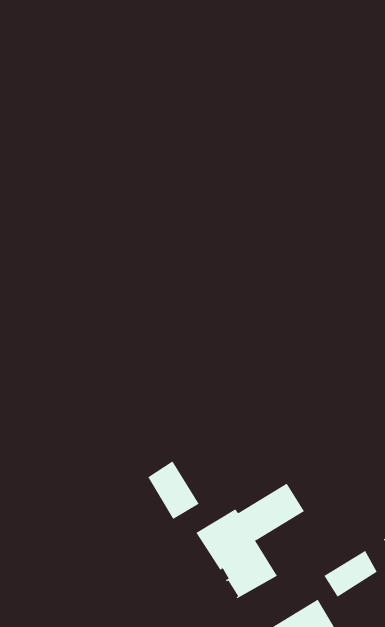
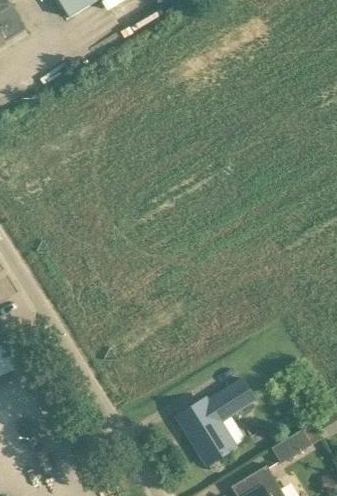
building: [148,460,199,520] -> none

